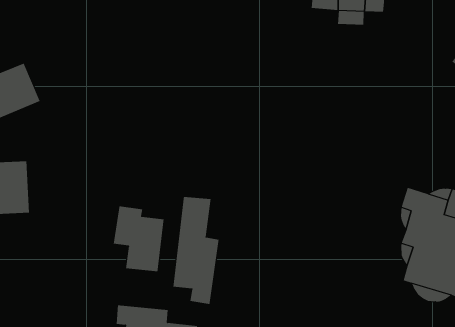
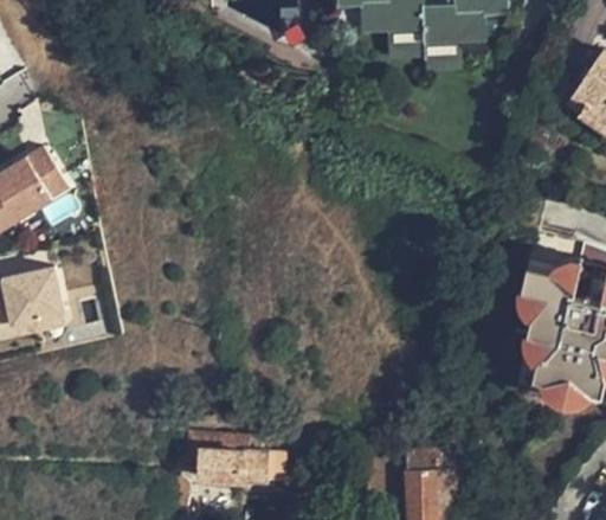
building: [173,196,219,305] -> none
building: [113,205,164,272] -> none

